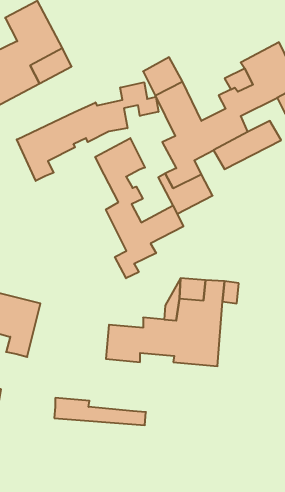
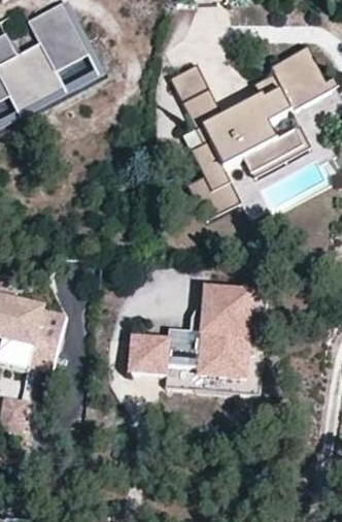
building: [17,82,158,181] -> none
building: [95,138,183,278] -> none
building: [54,398,146,425] -> [166,363,260,391]

